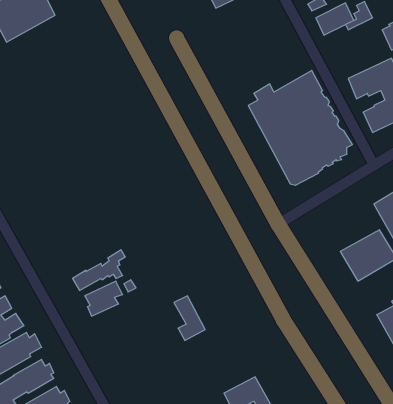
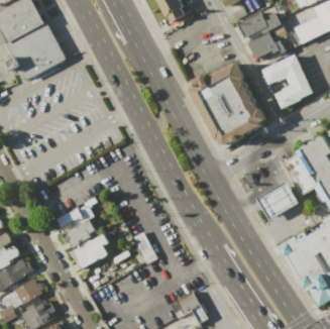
building: none -> [7,20,66,78]
building: none -> [248,32,285,57]
building: none -> [74,234,107,267]

